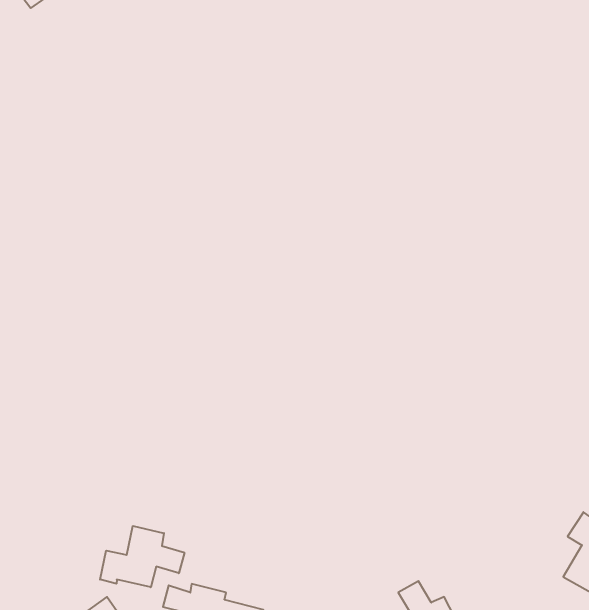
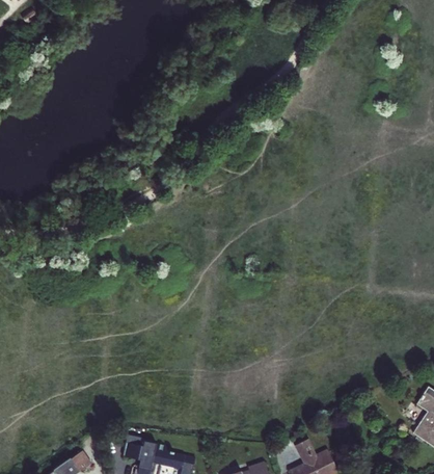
building: [100,526,184,587] -> none

